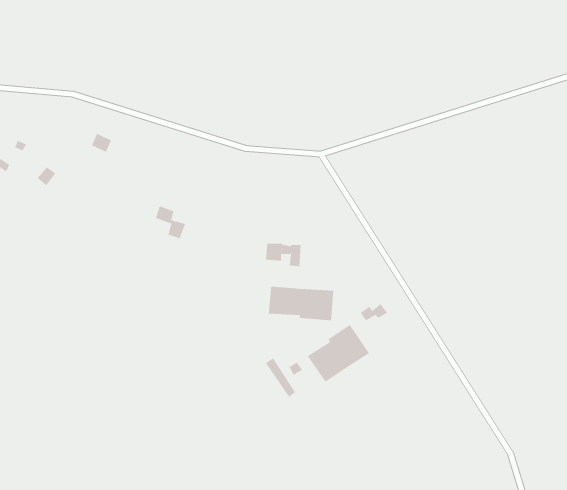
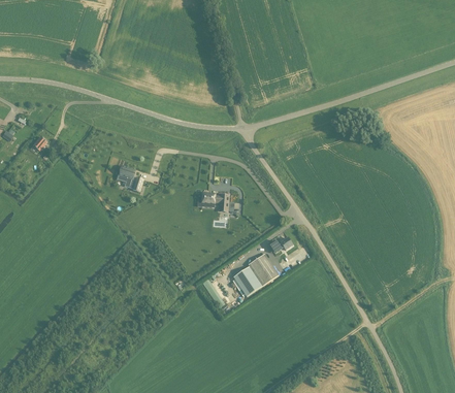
building: [268,286,334,321] -> none

